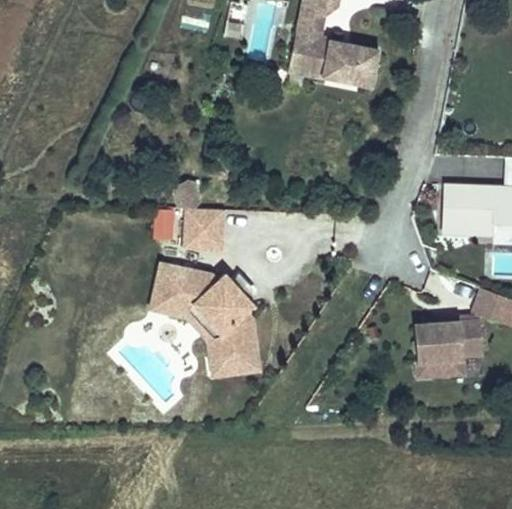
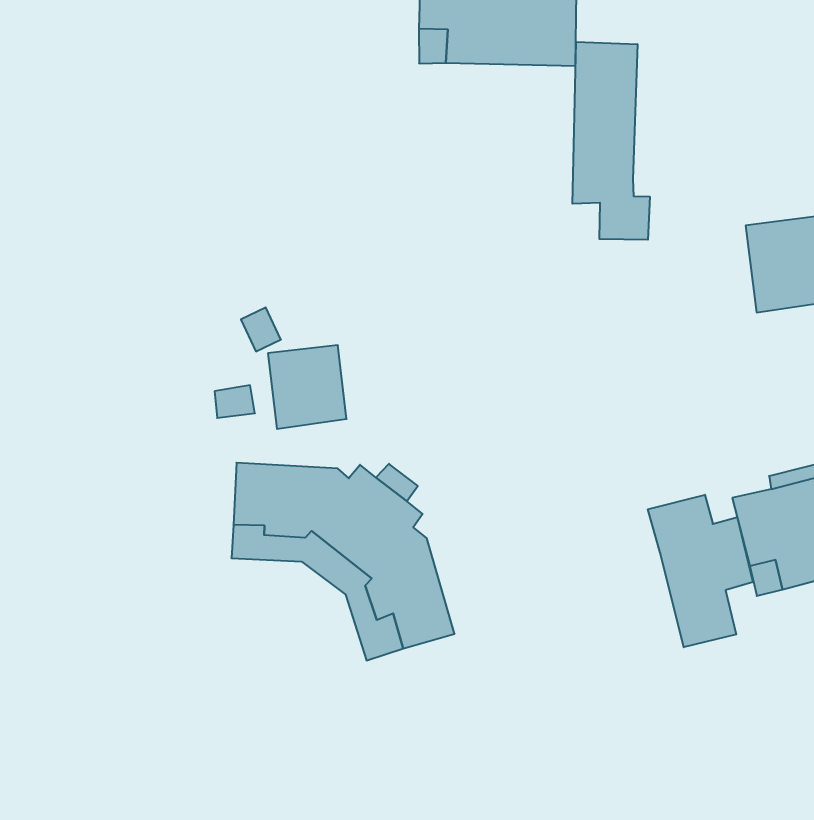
building: none -> [572,42,650,240]
building: none -> [648,495,753,647]

